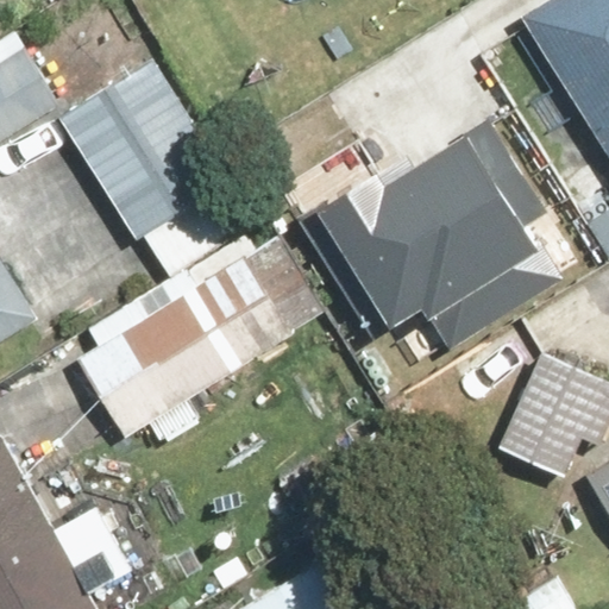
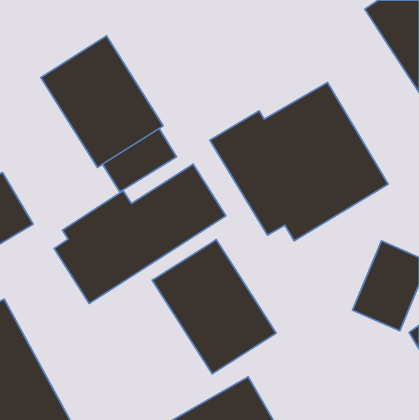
building: none -> [152,240,276,374]

